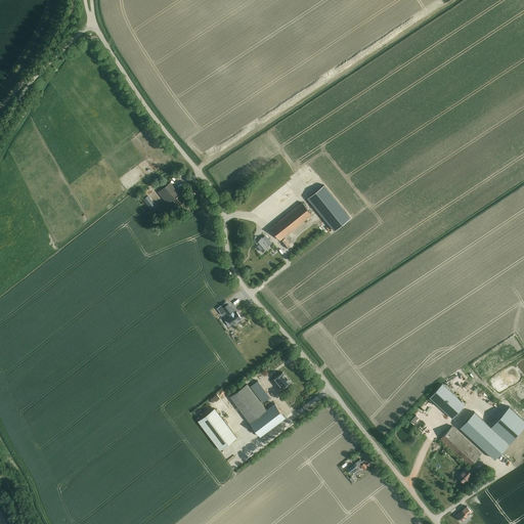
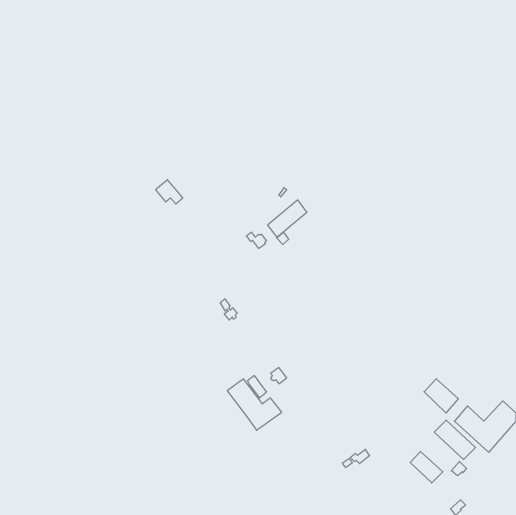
building: [308,186,350,231] -> none
building: [199,409,236,451] -> none
building: none -> [410,452,443,483]

